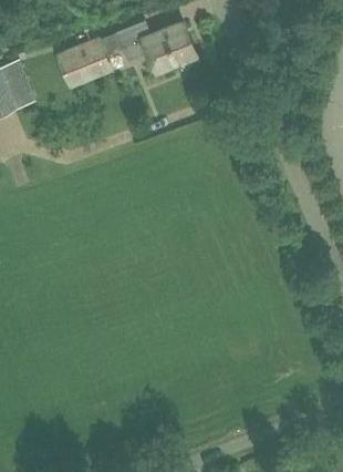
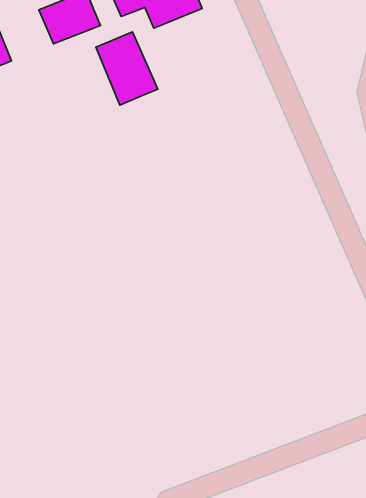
building: none -> [96,32,158,105]

